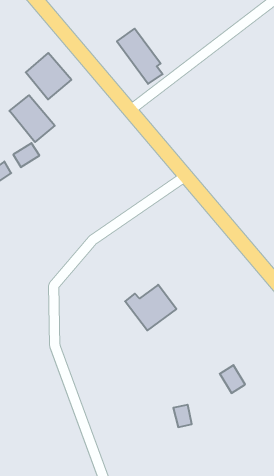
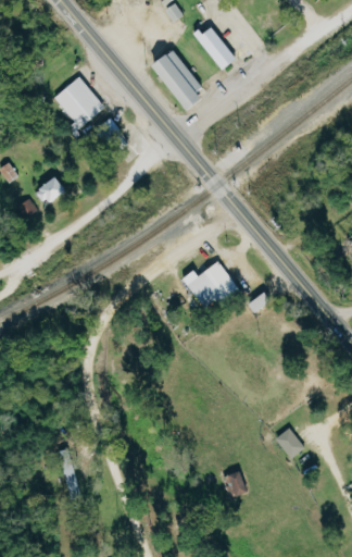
building: none -> [200,25,238,71]
building: [9,95,55,142] -> none
building: [125,285,176,330] -> [175,259,232,310]

